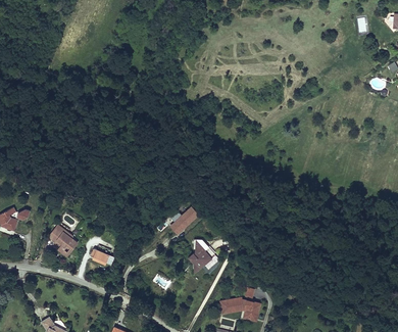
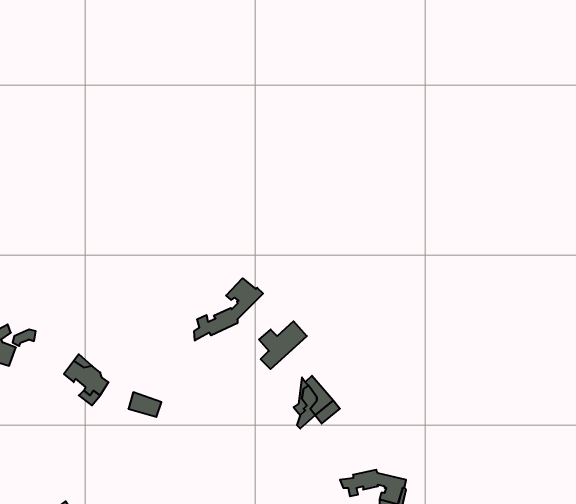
building: none -> [194,278,263,341]

